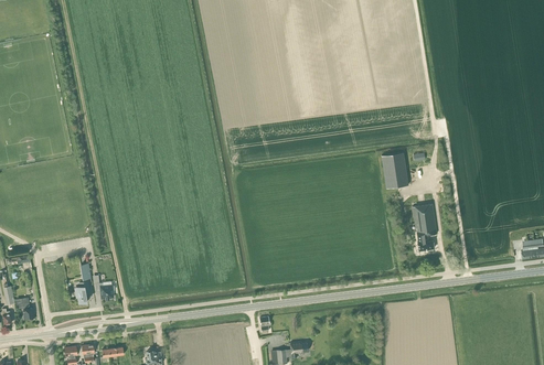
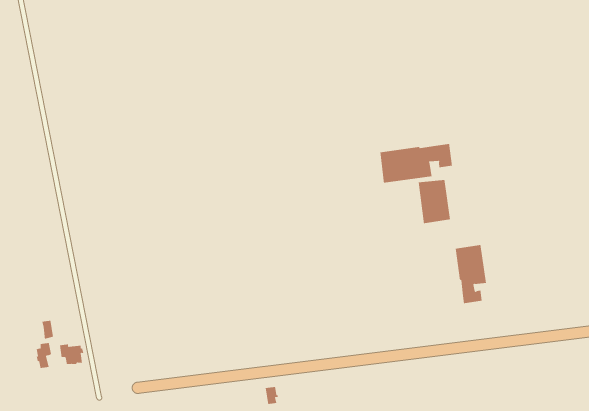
building: none -> [380,143,453,183]

